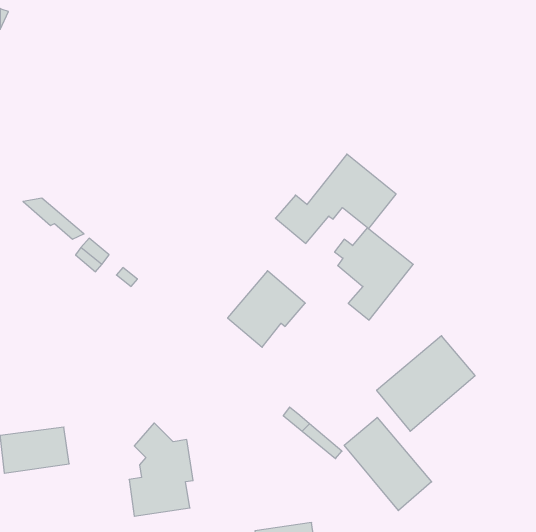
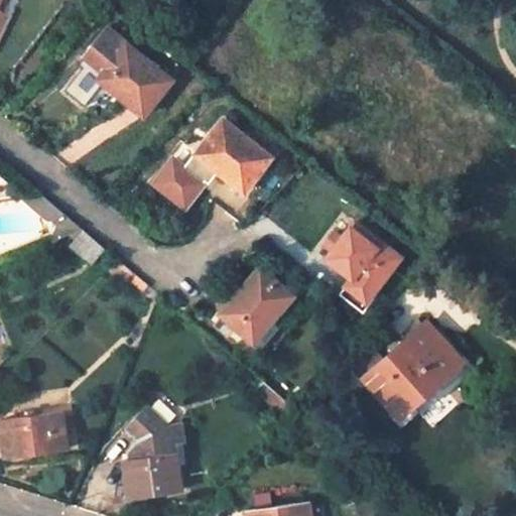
building: none -> [63,29,170,116]
building: [275,154,396,243] -> [157,120,273,206]
building: [344,417,432,511] -> none

